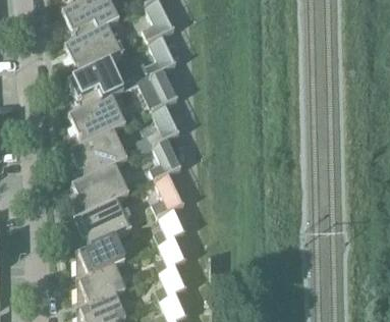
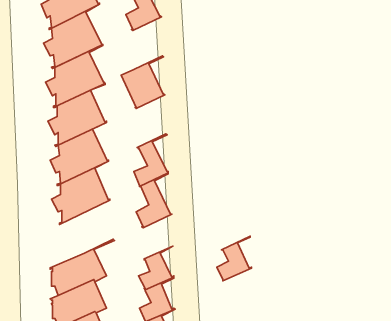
building: [145,29,175,75] -> none
building: [149,98,178,145] -> none
building: [73,192,137,252] -> none
building: [154,204,184,244] -> [217,236,251,281]

